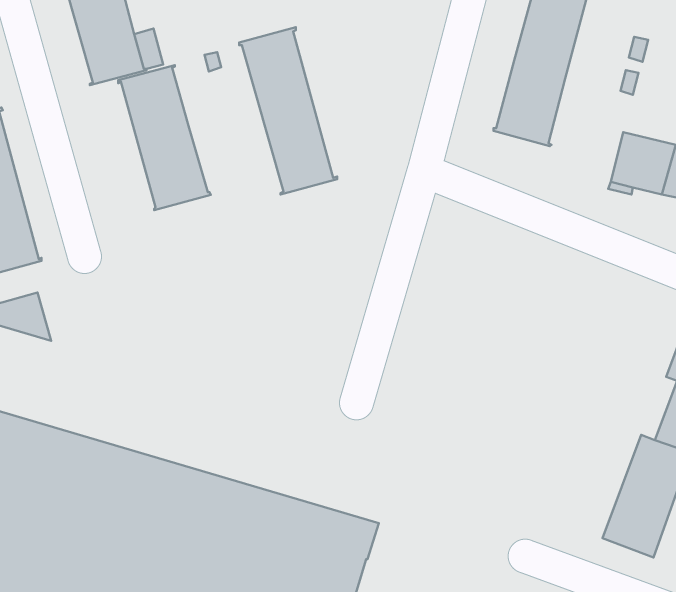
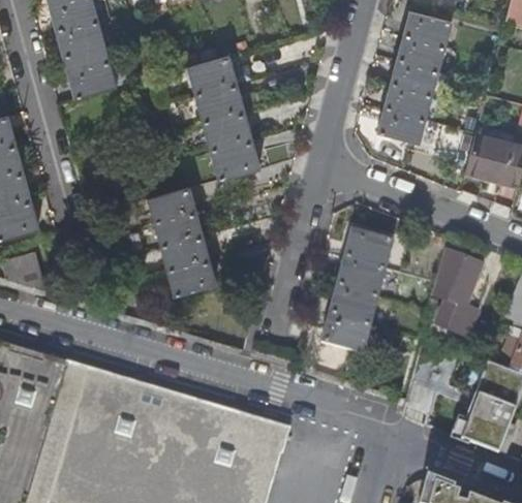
building: [118,65,211,210] -> [147,188,216,296]
building: none -> [319,228,394,353]
building: none -> [432,248,483,337]

